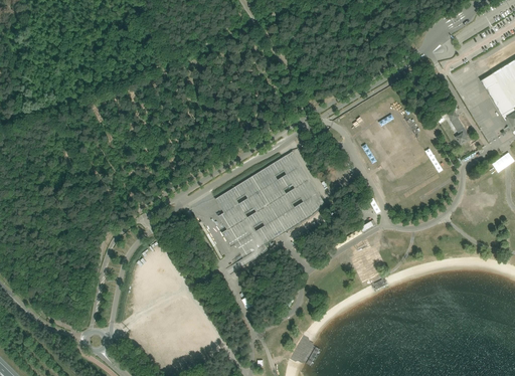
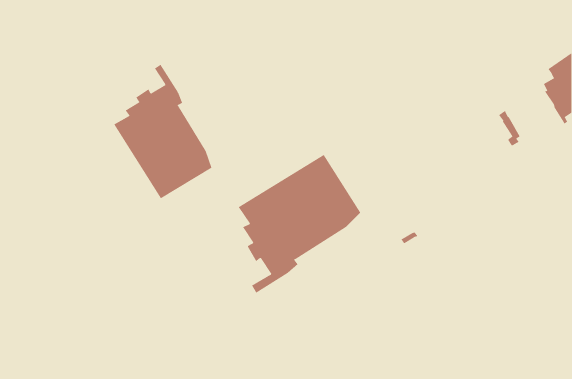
building: none -> [113,64,212,199]

